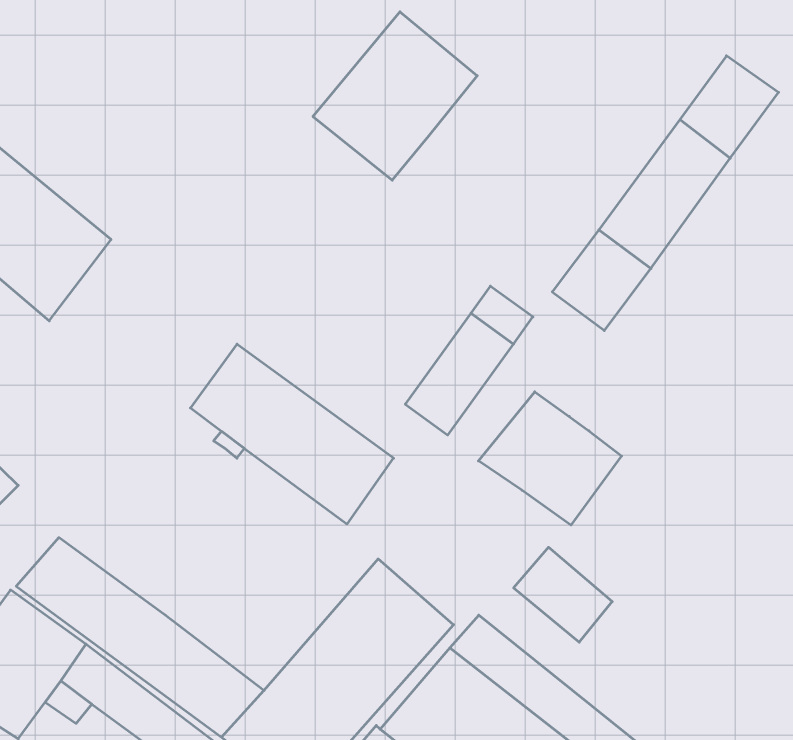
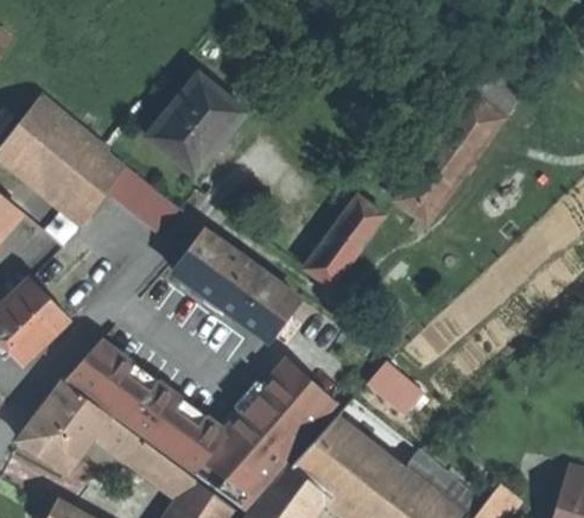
building: [313,12,477,180] -> [145,74,246,177]
building: none -> [107,166,178,232]
building: [478,392,622,525] -> none

